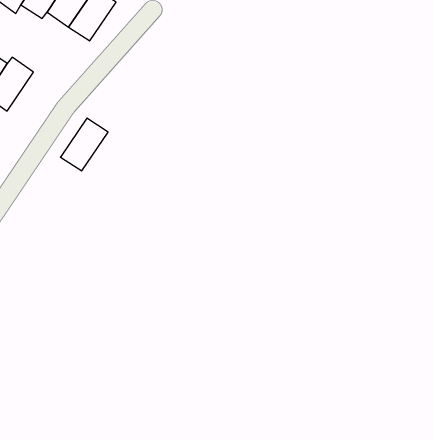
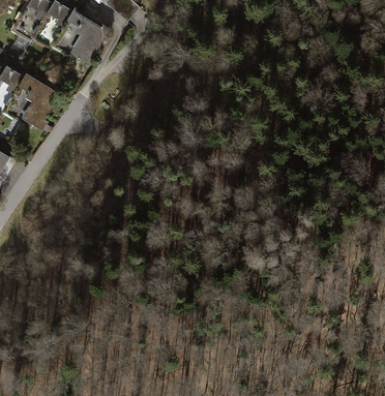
building: [60,118,108,171] -> [21,86,60,129]

